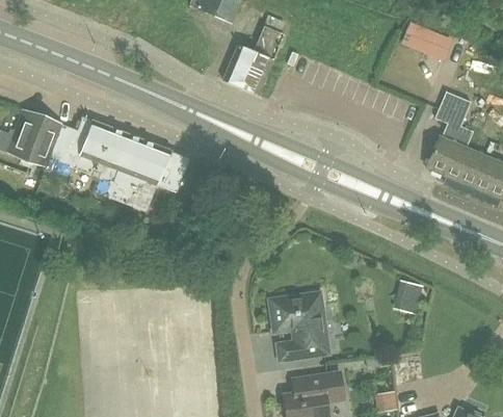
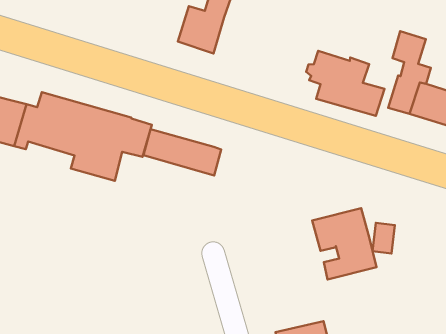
building: none -> [306,51,385,116]
building: none -> [144,129,221,176]
building: [269,292,328,360] -> [312,208,376,279]

